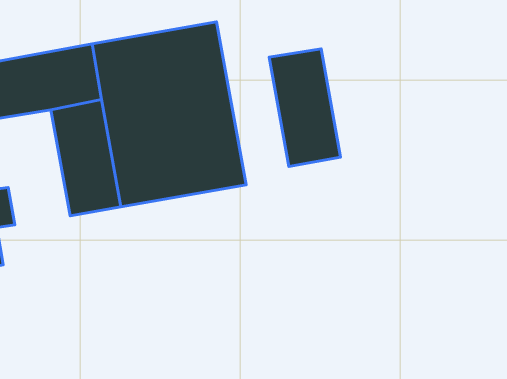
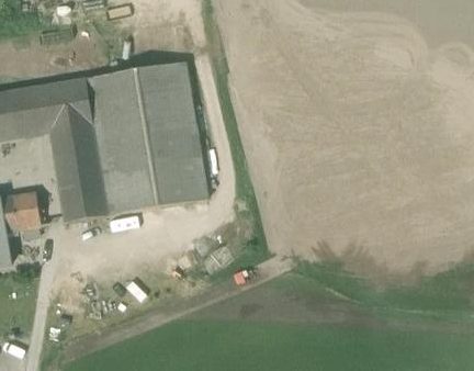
building: [269,49,341,166] -> none
building: none -> [10,194,37,231]

